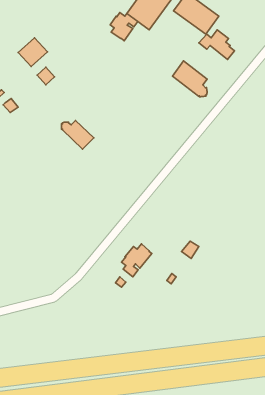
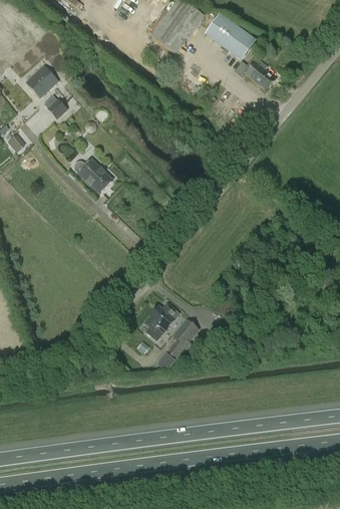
building: [110,13,138,41] -> none
building: [172,61,207,97] -> none
building: none -> [159,318,199,363]

